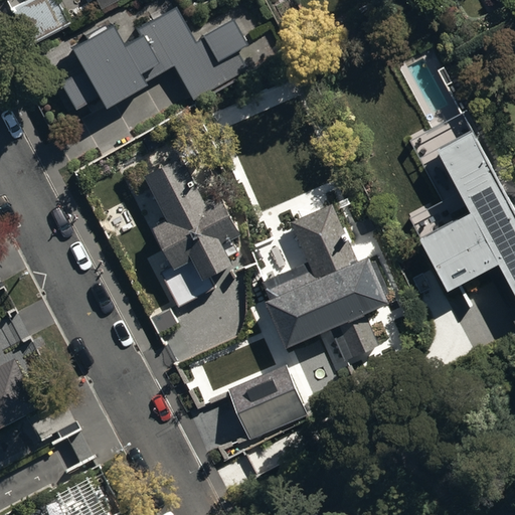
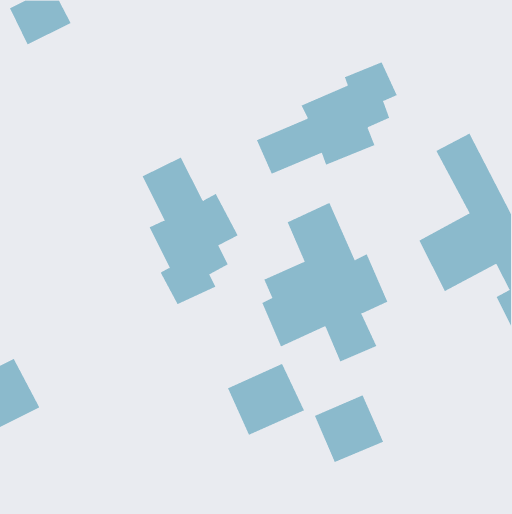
building: [58,7,247,111] -> none
building: none -> [256,62,398,174]
building: none -> [314,394,384,463]

